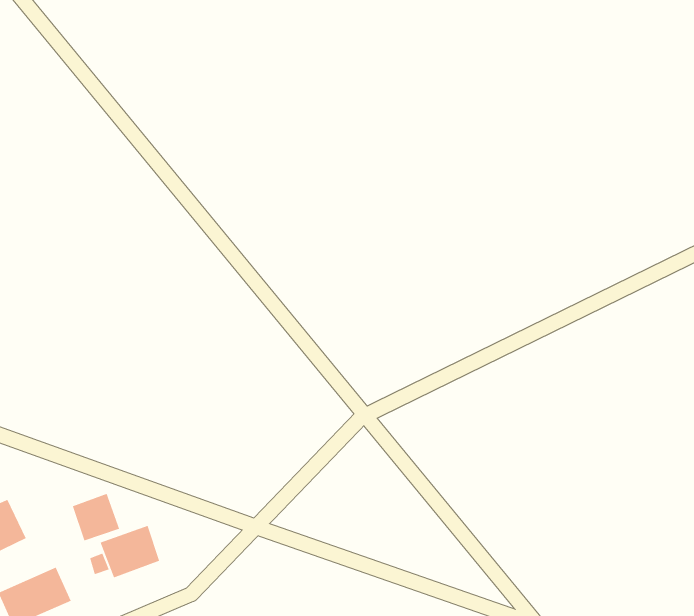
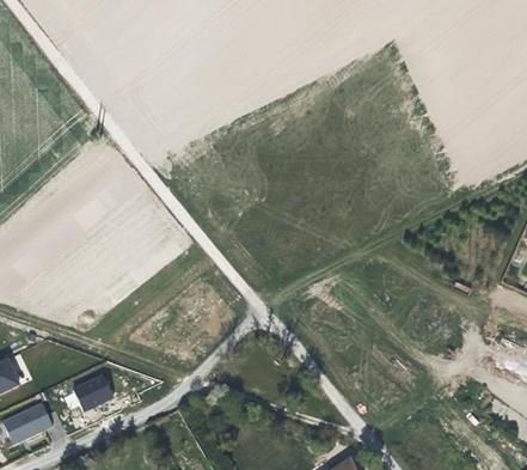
building: [72,493,120,541] -> none

